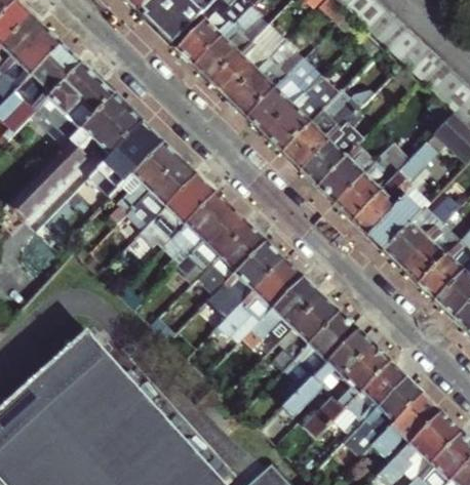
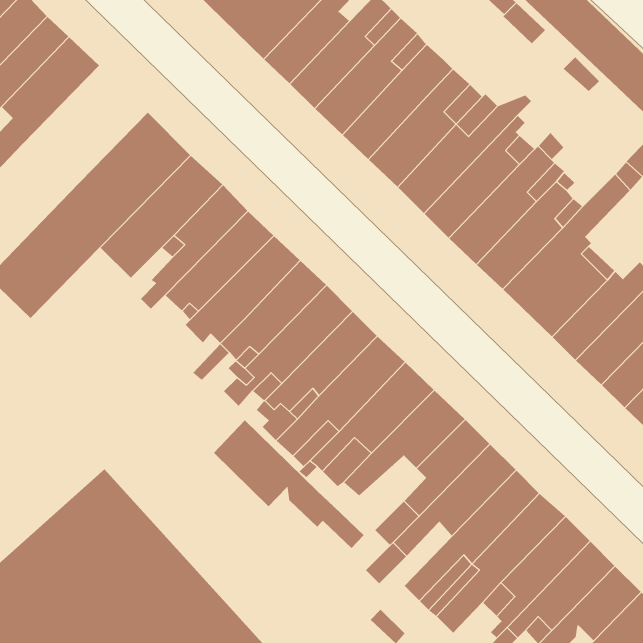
building: [32,66,115,144] -> none
building: none -> [213,420,364,549]

